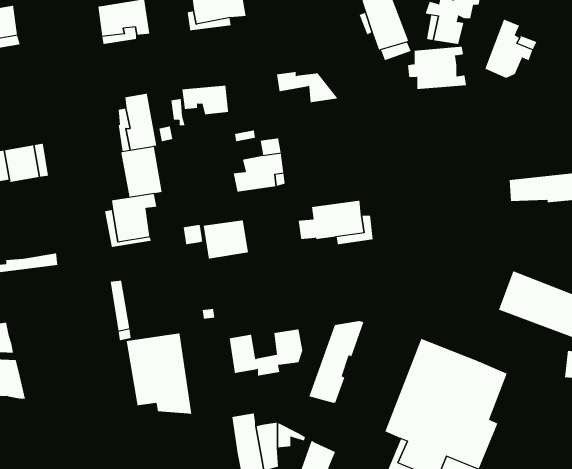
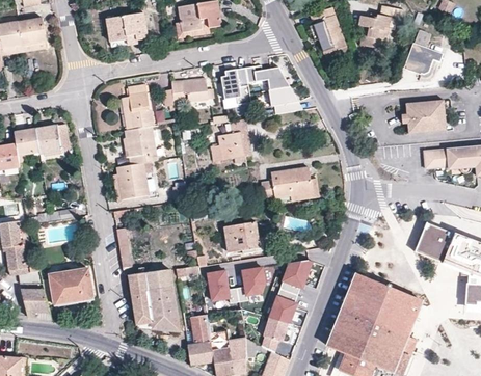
building: [407,46,467,90] -> [399,100,445,133]
building: none -> [220,71,249,103]
building: none -> [270,89,301,114]
building: [203,220,249,259] -> [224,222,260,252]
building: none -> [42,267,93,305]
building: none -> [187,315,214,365]
building: none -> [262,318,288,353]

